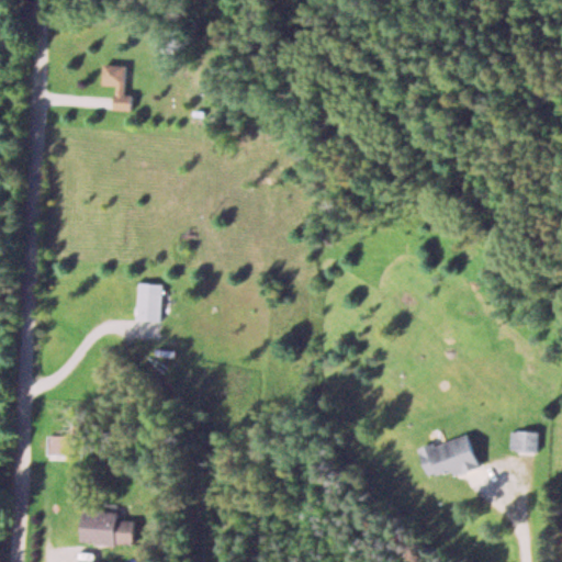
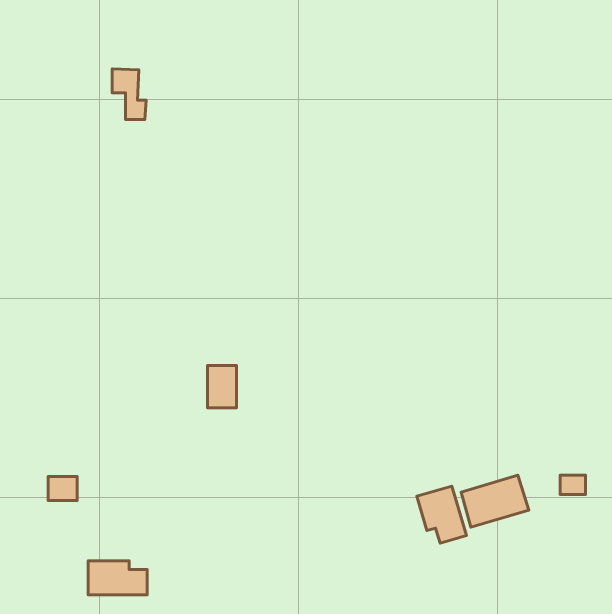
building: [134,284,160,323] -> [208,366,237,408]
building: none -> [417,486,466,543]

